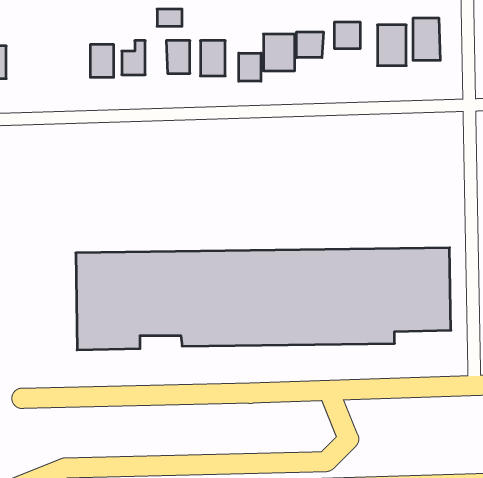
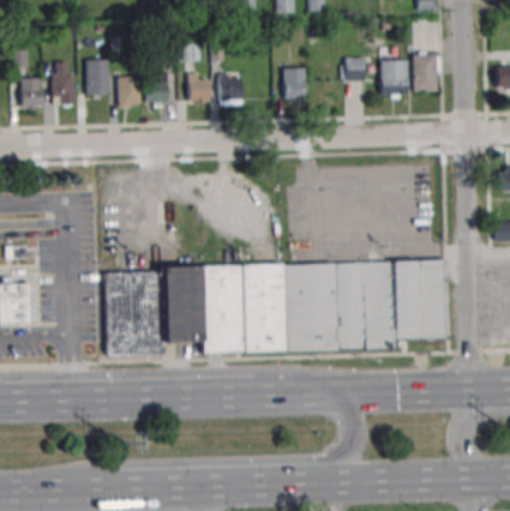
building: none -> [86,59,108,95]
building: none -> [52,61,73,106]
building: [297,32,323,58] -> none
building: [239,53,261,81] -> none

